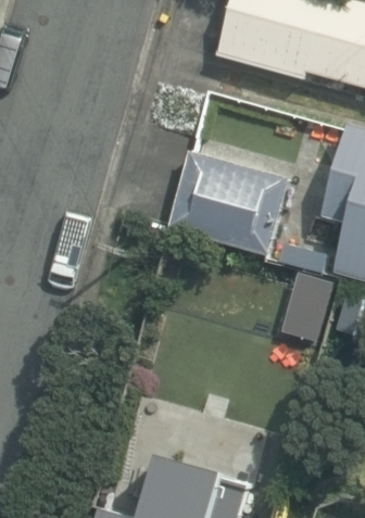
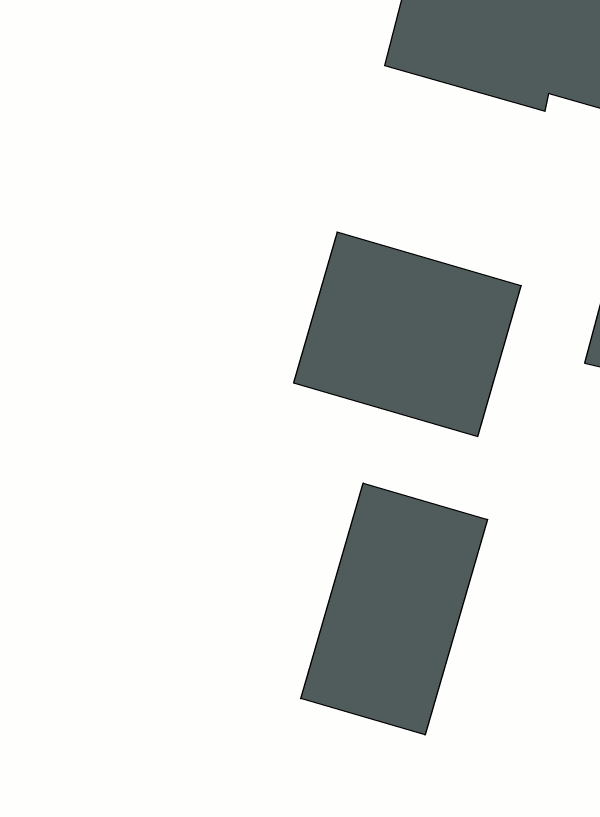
building: none -> [301,483,488,735]

